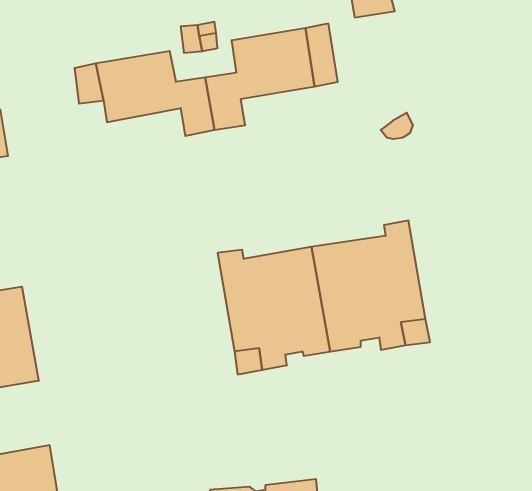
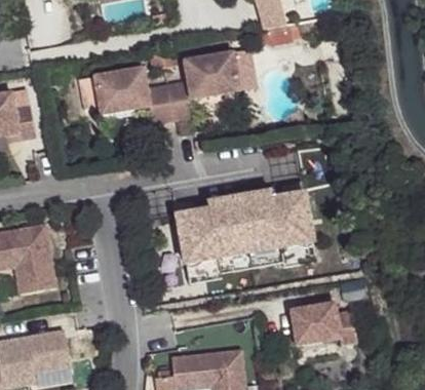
building: none -> [288,305,355,348]

